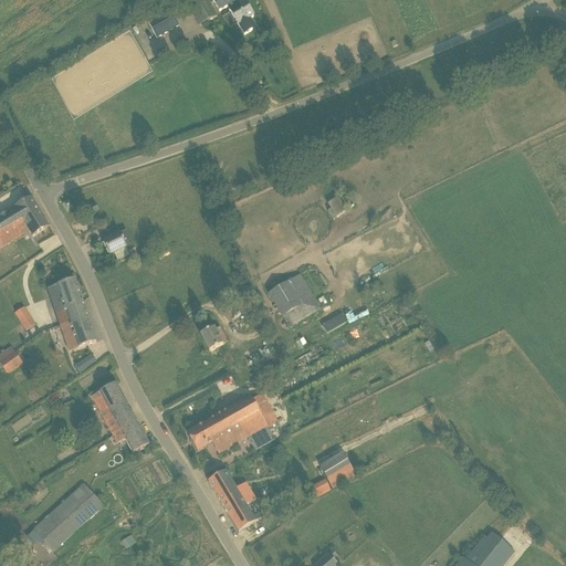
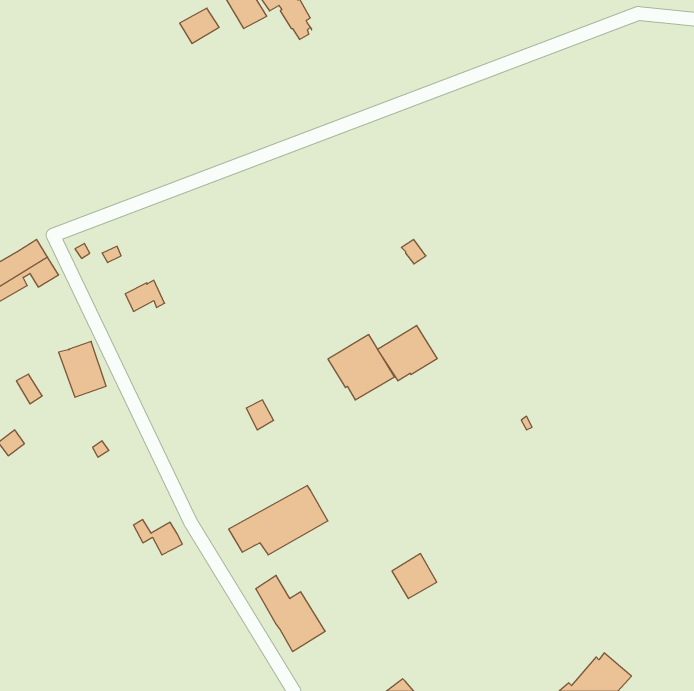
building: none -> [378,325,437,381]
building: [61,314,95,348] -> none
building: [91,381,138,433] -> none
building: [32,481,103,549] -> none

